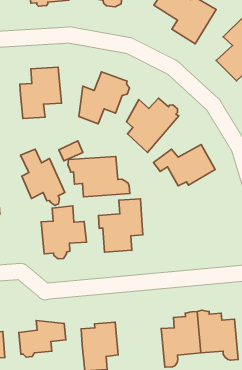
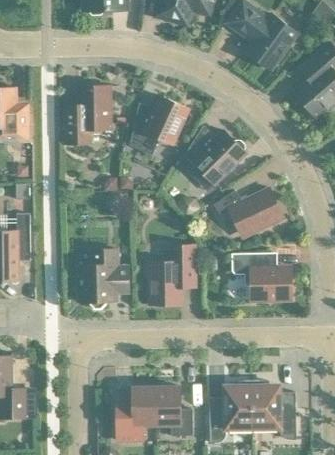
building: [21,149,65,206] -> none
building: [68,156,130,197] -> none
building: none -> [233,252,292,300]
building: [19,321,66,357] -> none
building: none -> [157,386,194,435]

